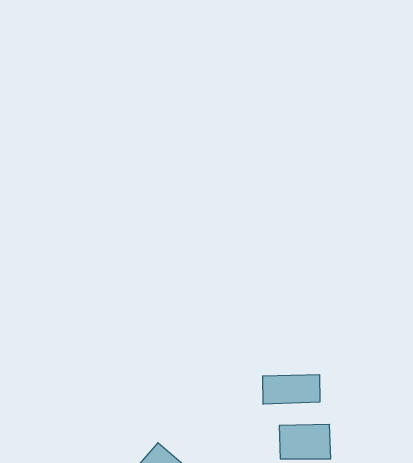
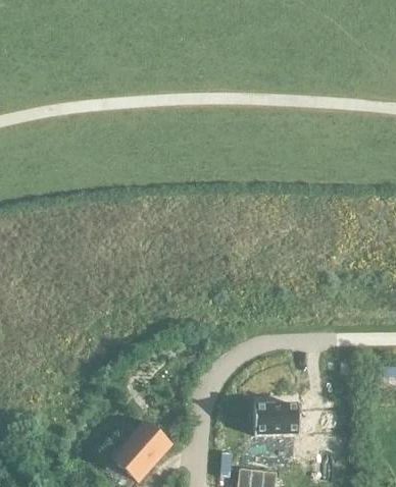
building: [263,375,320,404] -> none

